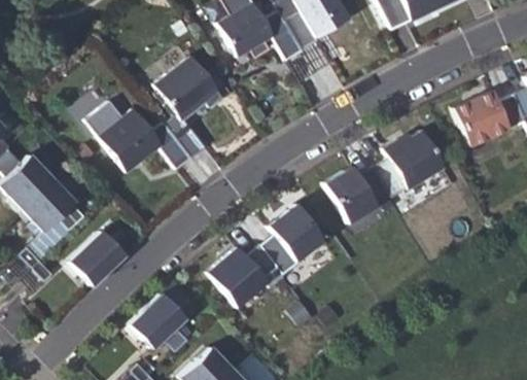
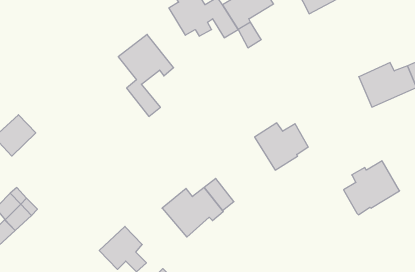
building: [90,102,194,172] -> none
building: [376,131,446,198] -> [344,161,400,215]
building: [23,178,87,231] -> none
building: [270,204,323,264] -> none
building: [71,231,126,285] -> none

